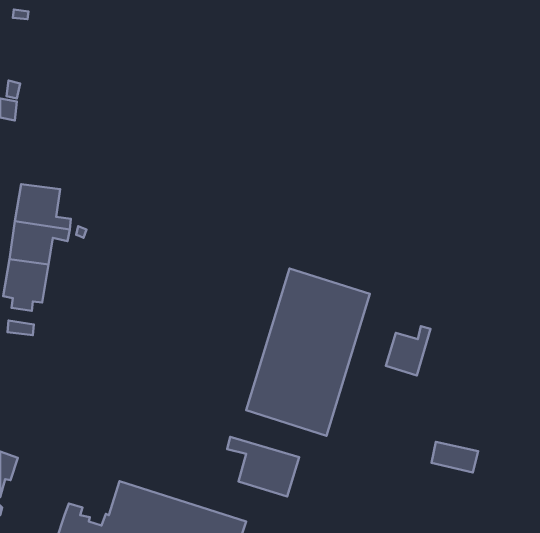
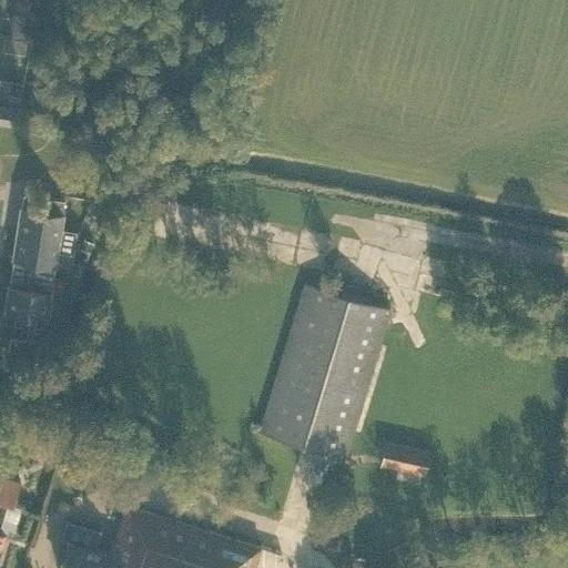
building: [386,326,431,375] -> none
building: [227,437,299,497] -> none
building: [432,442,478,472] -> [379,449,428,481]

